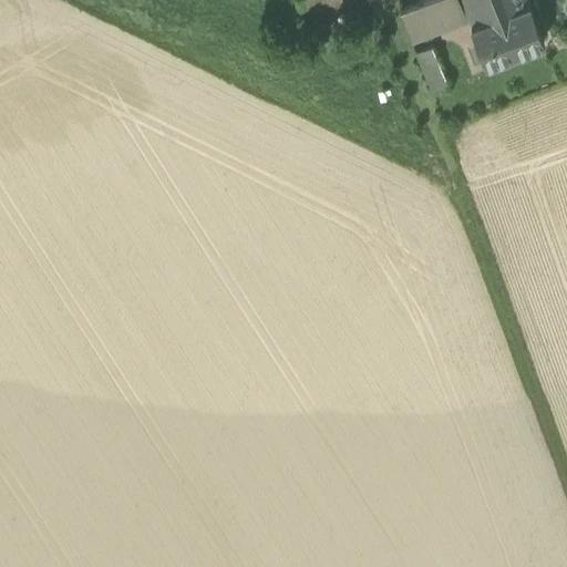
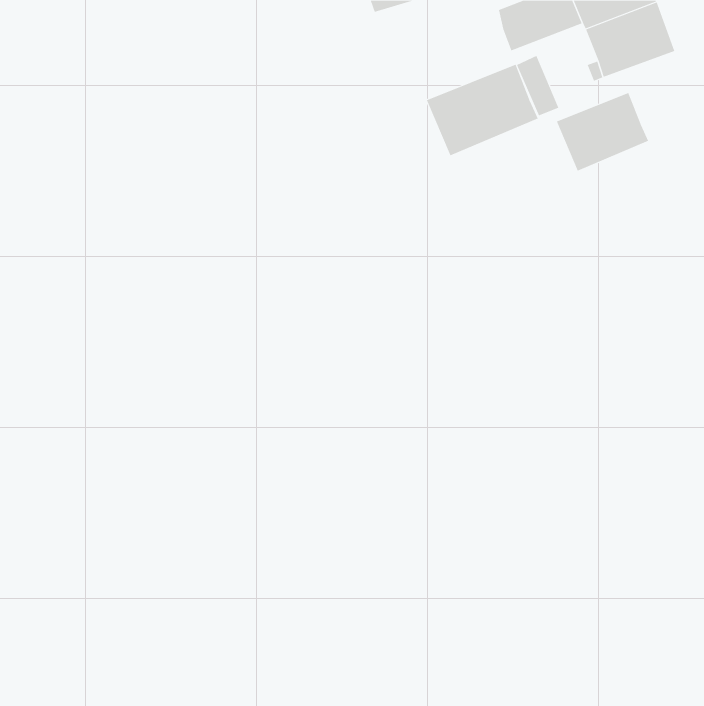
building: none -> [426,64,539,156]
building: none -> [556,92,649,171]

